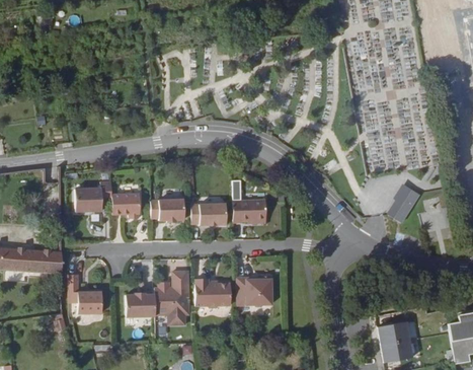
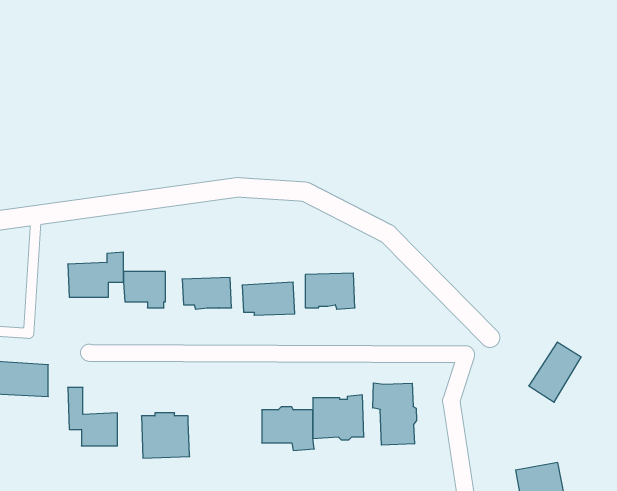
building: [383,182,418,223] -> [529,342,581,402]
building: none -> [373,383,417,445]
building: [155,273,189,326] -> none

